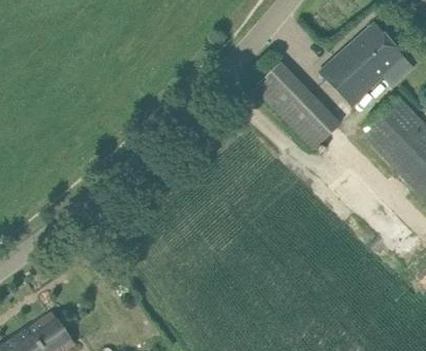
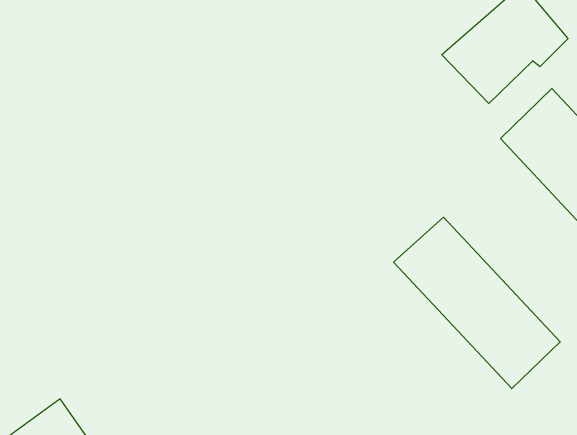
building: [257,62,341,147] -> none
building: none -> [394,217,560,389]

